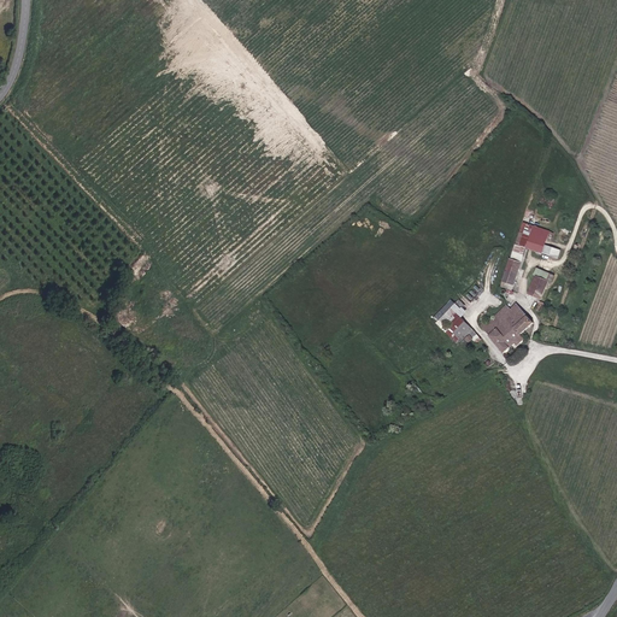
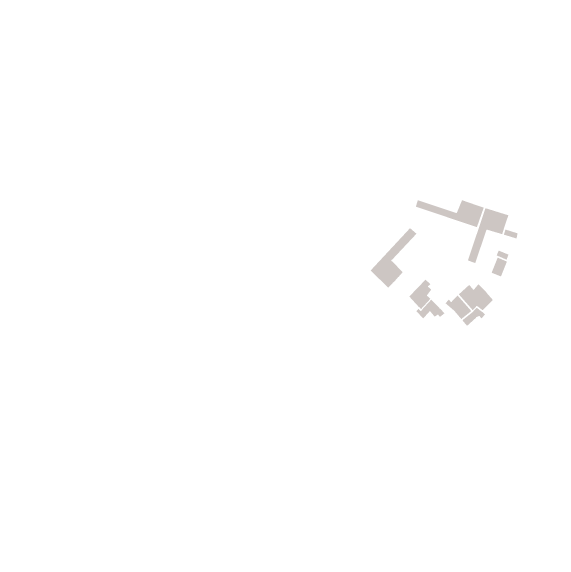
building: none -> [415,199,485,228]
building: none -> [370,227,417,288]

